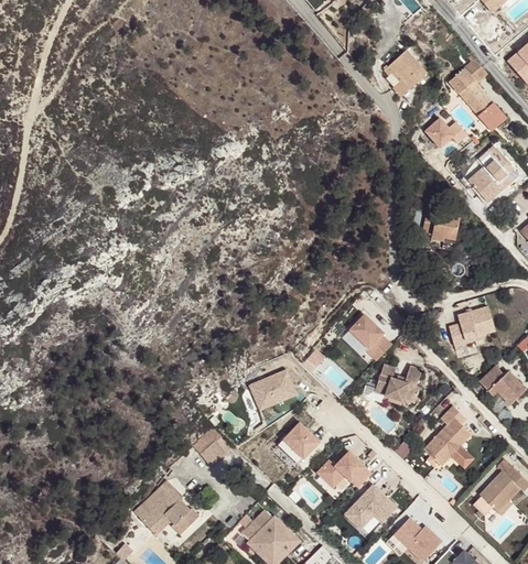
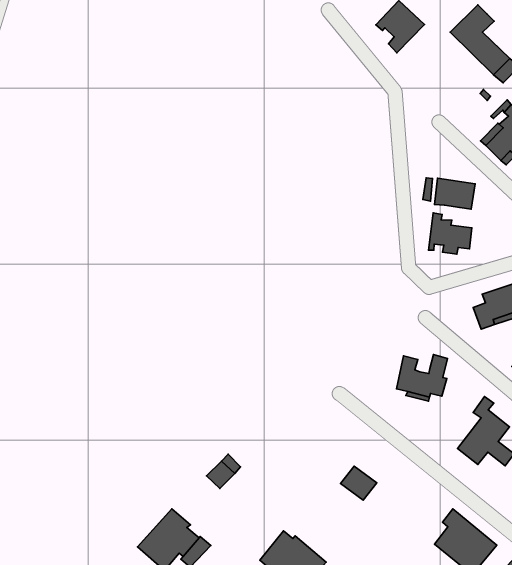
building: [427,113,462,150] -> none
building: none -> [428,213,472,254]
building: [345,312,399,365] -> none
building: [251,366,303,412] -> none
building: [280,419,328,463] -> none
building: [337,447,377,486] -> none
building: [346,481,401,536] -> none

